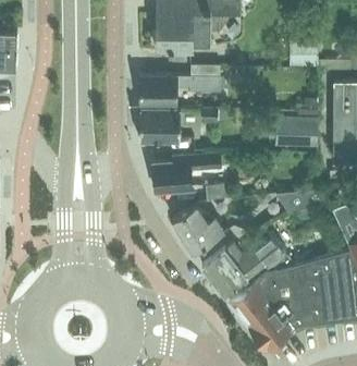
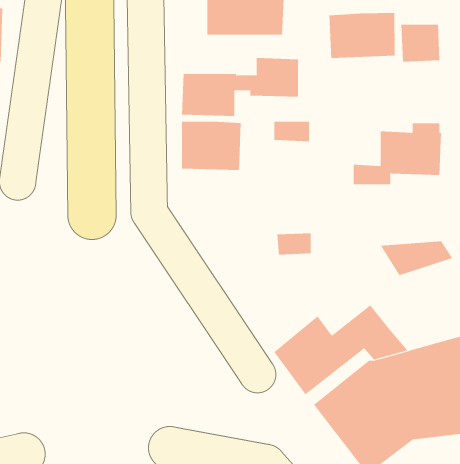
building: none -> [329,12,395,59]
building: [152,155,222,193] -> none
building: [172,207,224,253] -> none

